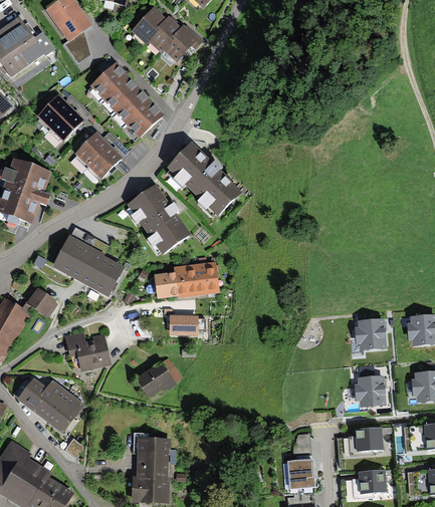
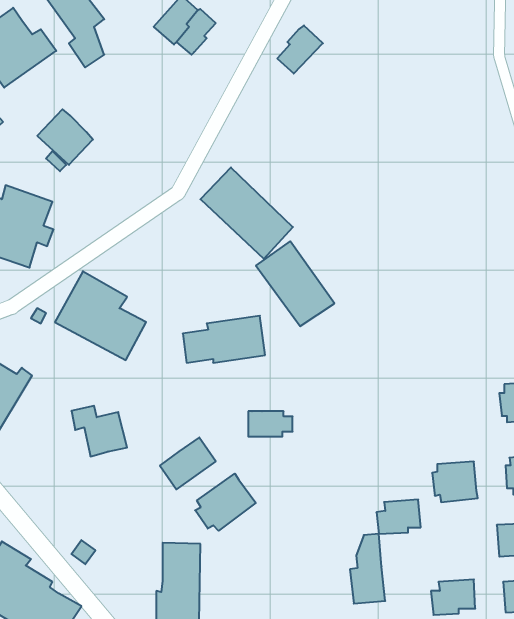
building: [163,25,199,63] -> [277,25,323,74]
building: [89,59,165,138] -> none
building: [74,134,119,179] -> none
building: [128,186,190,253] -> [256,241,334,326]
building: [26,286,57,316] -> none
building: [170,313,205,333] -> [248,411,293,437]
building: [352,318,387,350] -> none
building: [17,375,84,431] -> none
building: none -> [195,474,256,531]
building: [348,427,383,454] -> [376,500,421,534]

